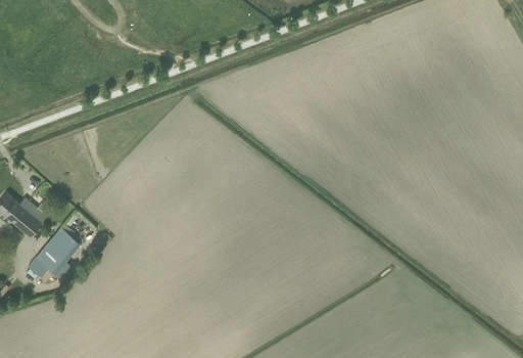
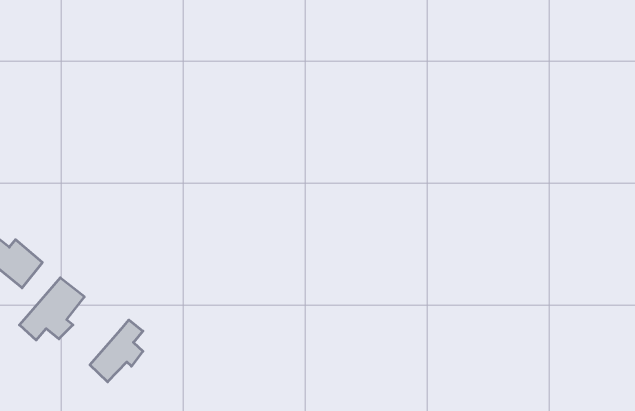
building: none -> [90,320,143,382]

